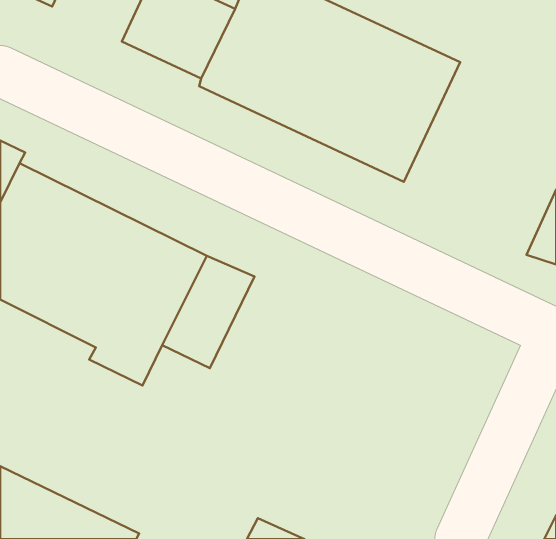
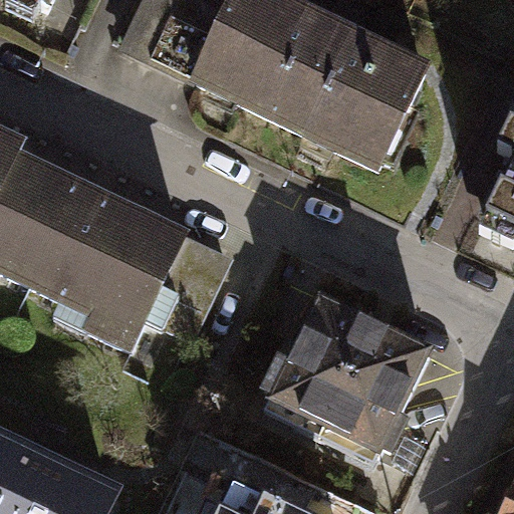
building: none -> [269,299,433,464]

